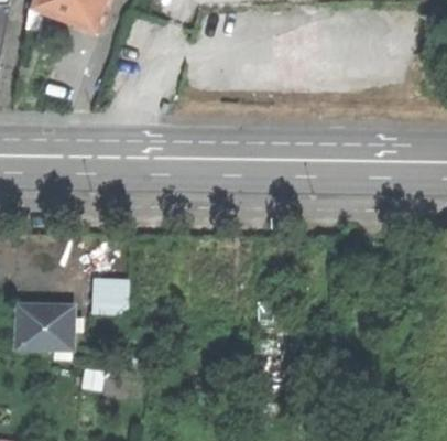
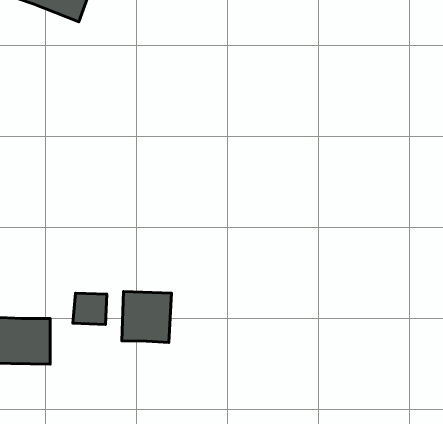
building: none -> [122,291,172,343]

